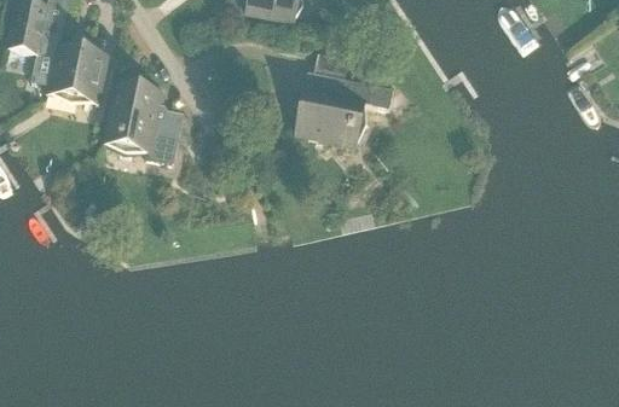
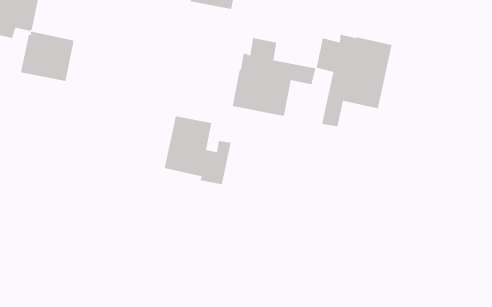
building: none -> [316,34,392,127]
building: [104,81,184,162] -> [164,116,232,185]

